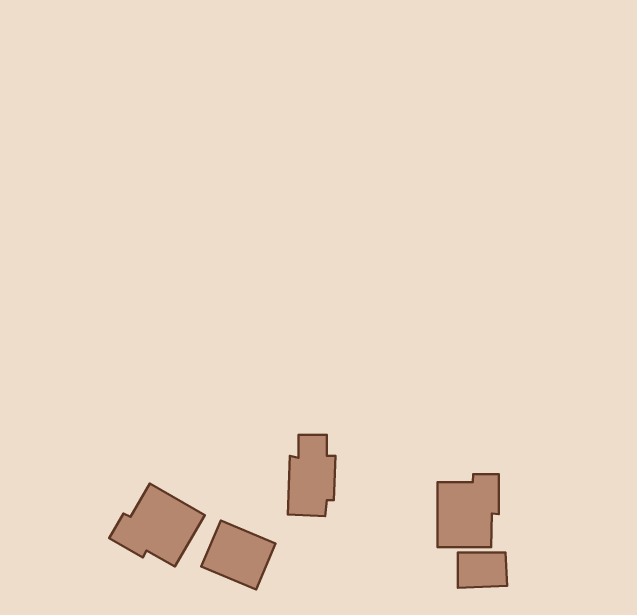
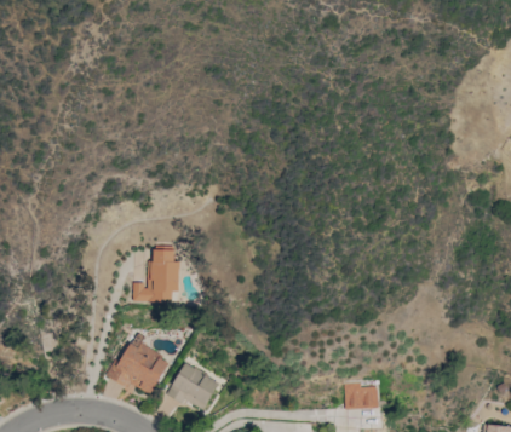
building: [288,435,336,516] -> [147,246,179,301]
building: [438,474,499,547] -> none

